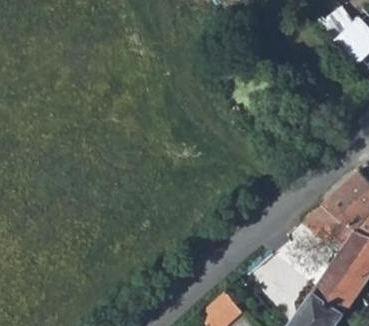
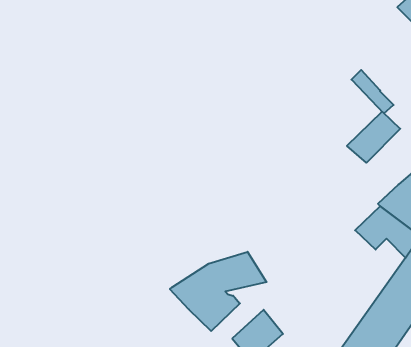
building: none -> [347,112,400,163]
building: none -> [170,252,267,331]

